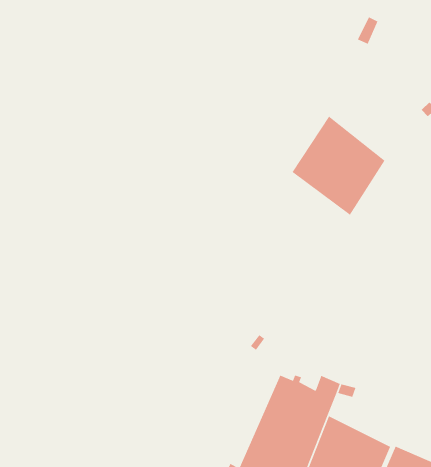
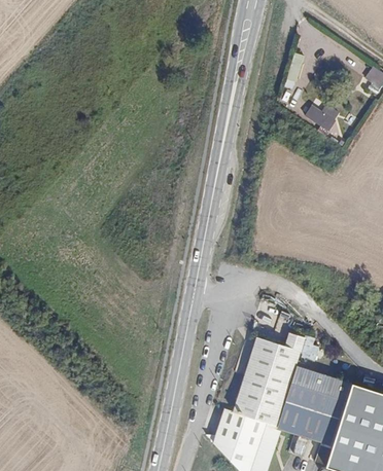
building: none -> [304,104,340,135]
building: [291,115,386,216] -> none

